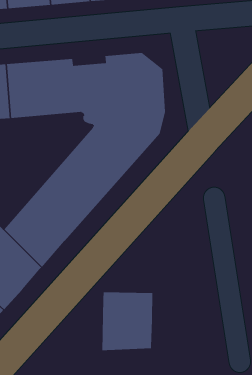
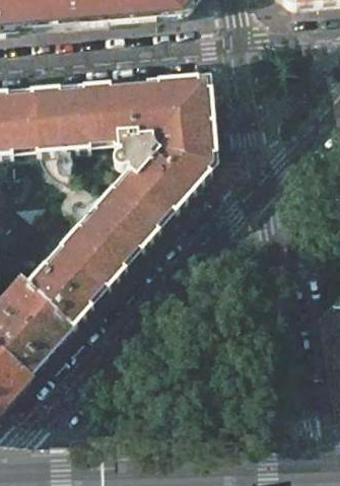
building: [101,292,153,351] -> none

